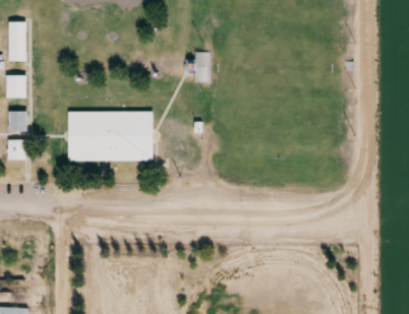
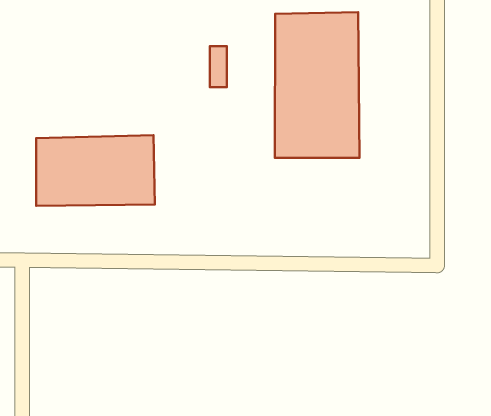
building: none -> [275,12,359,158]

